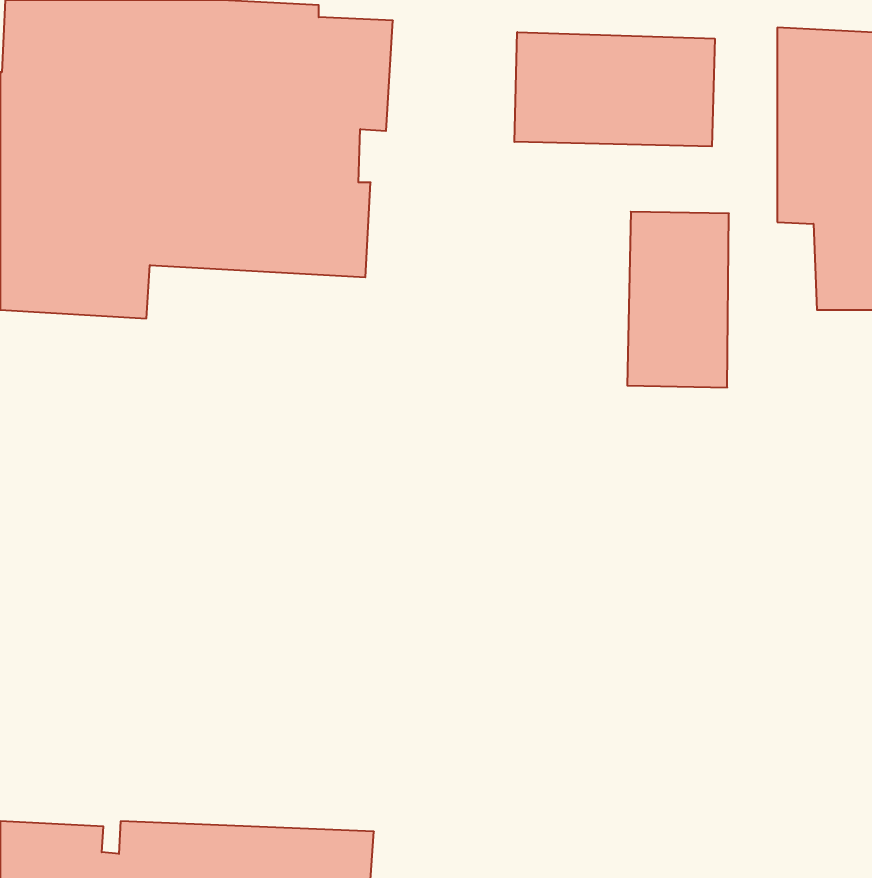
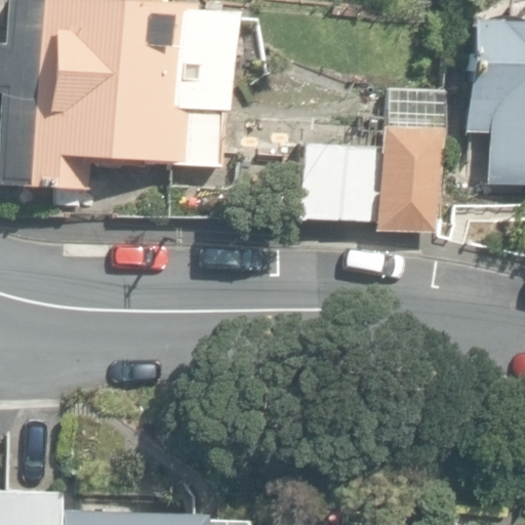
building: [514,32,715,146] -> none
building: none -> [300,142,379,223]

